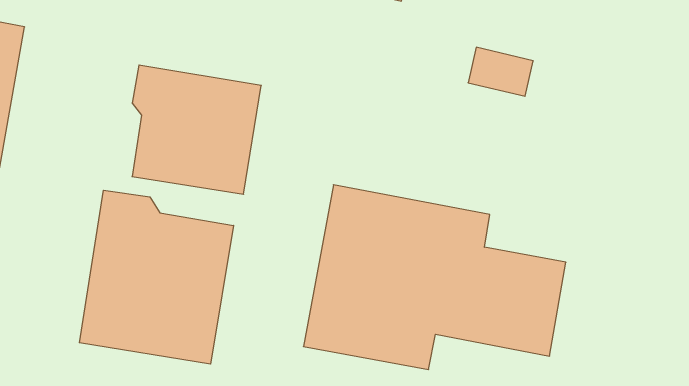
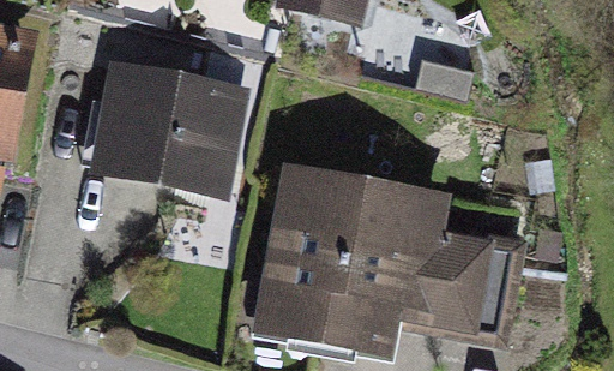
building: [79,190,234,364] -> none

